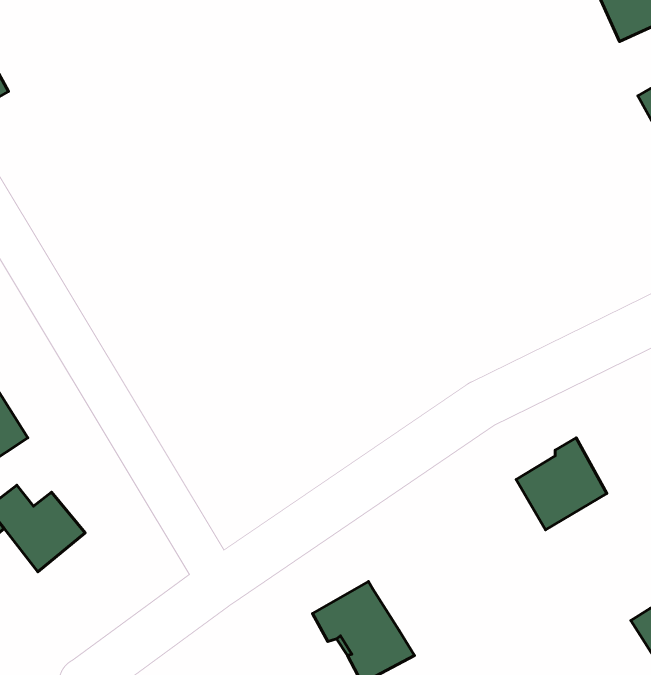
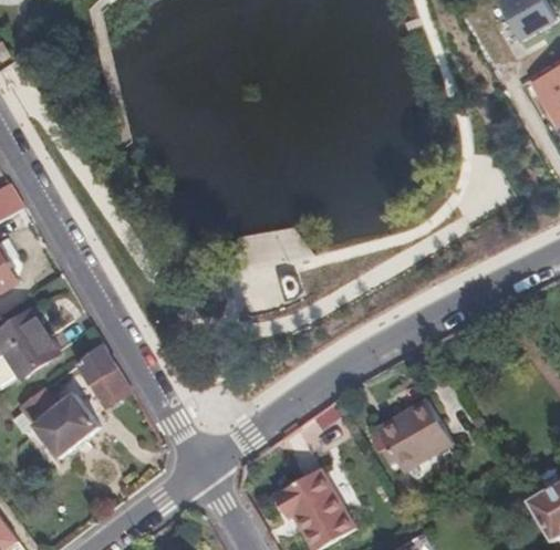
building: none -> [54,343,128,405]
building: [516,438,607,530] -> [381,397,453,470]

